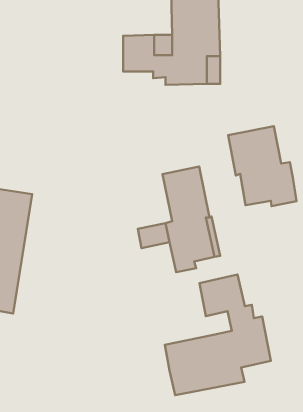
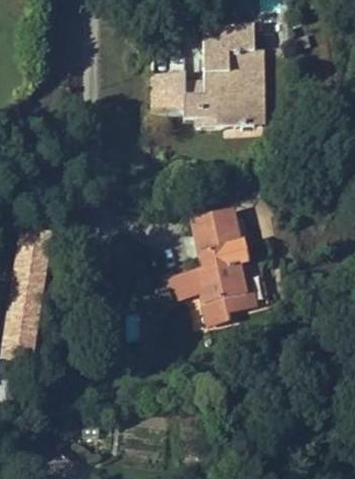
building: [228,126,297,206] -> none
building: [165,275,271,395] -> none

